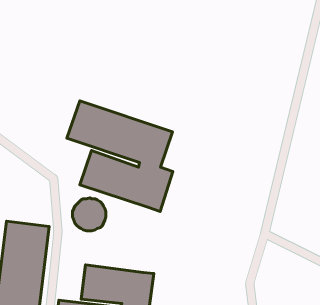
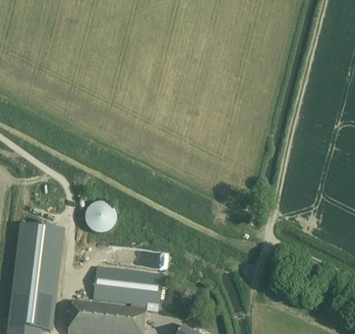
building: [67,101,173,212] -> none

